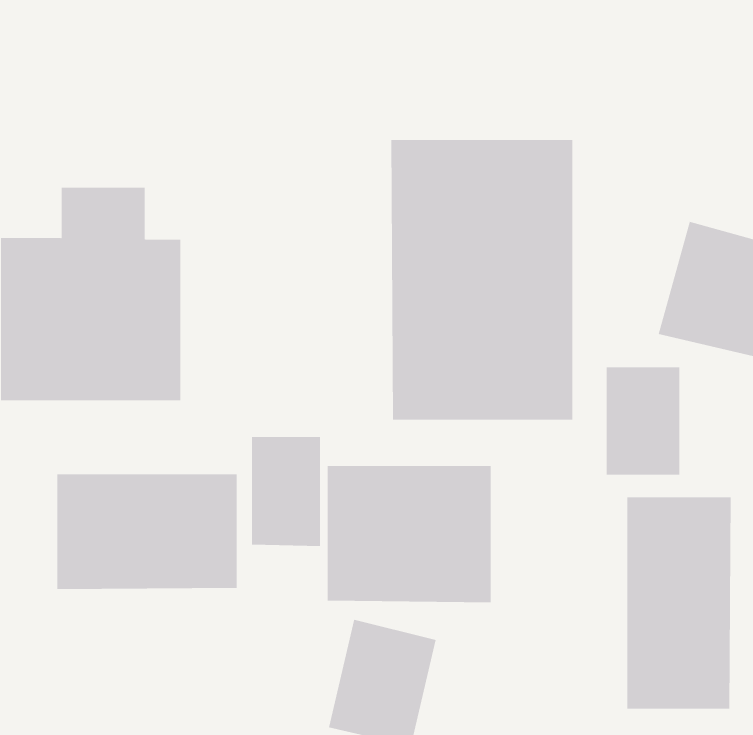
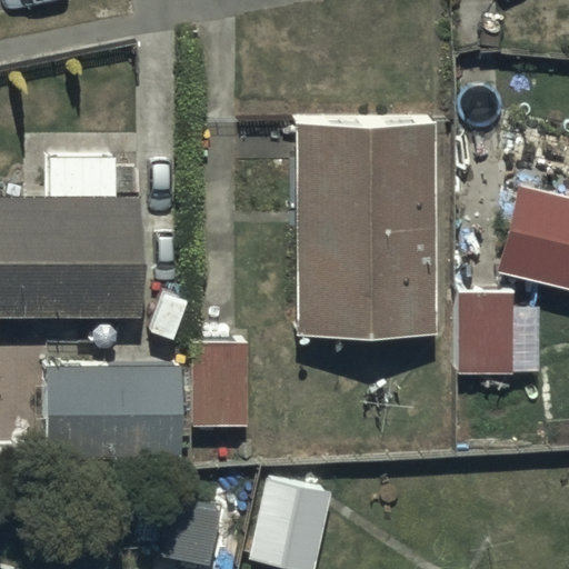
building: [327,465,491,603] -> none
building: [627,497,731,709] -> none

